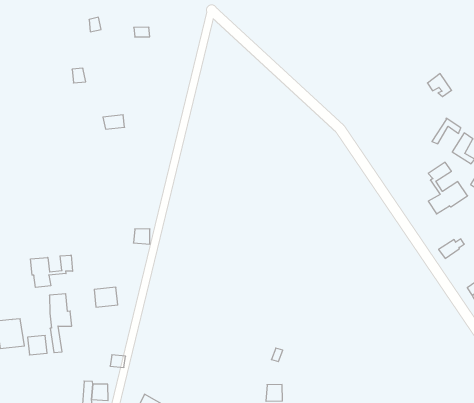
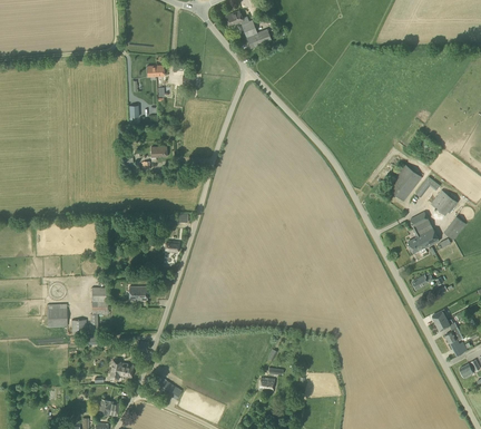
building: none -> [386,163,422,199]
building: [31,255,73,287] -> none

